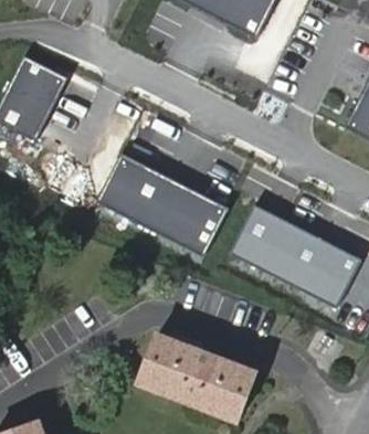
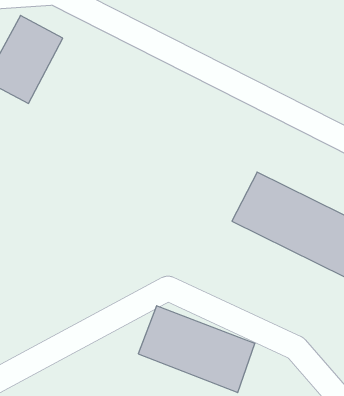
building: [96,154,229,255] -> none

